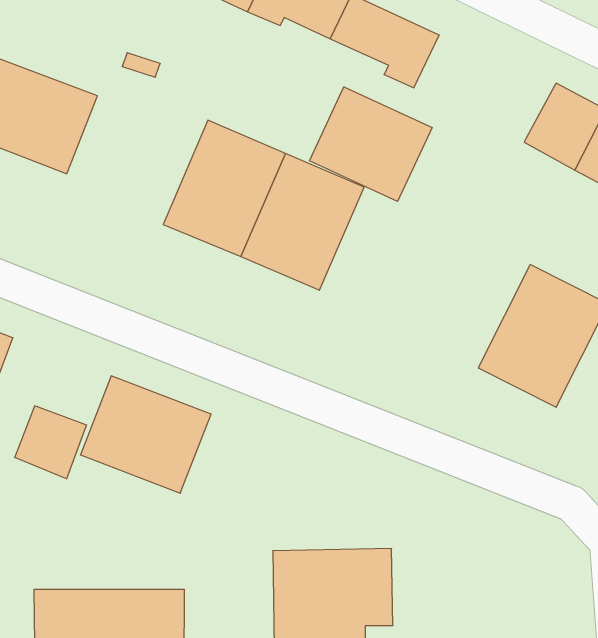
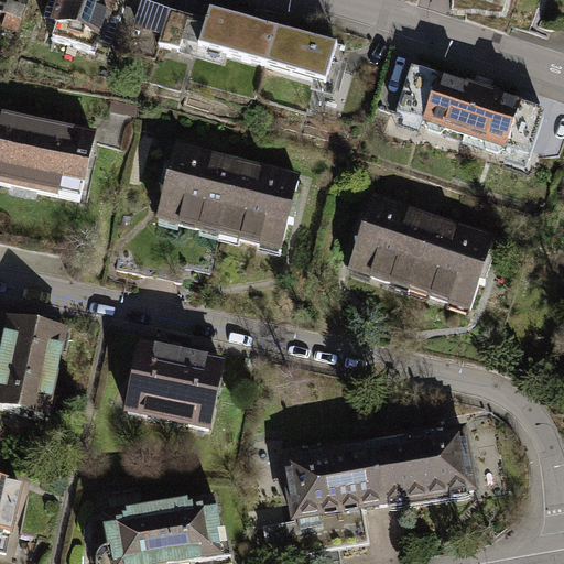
building: none -> [398,62,438,113]
building: [310,87,432,201] -> none
building: none -> [349,188,441,294]
building: [15,406,86,479] -> none
building: none -> [368,426,466,500]

